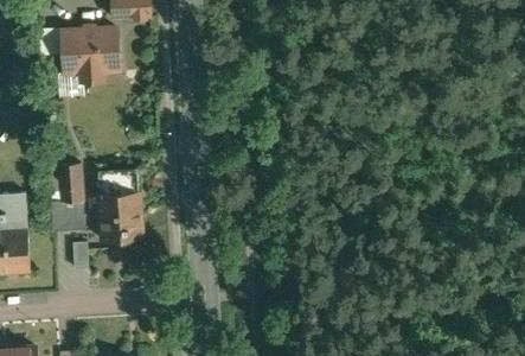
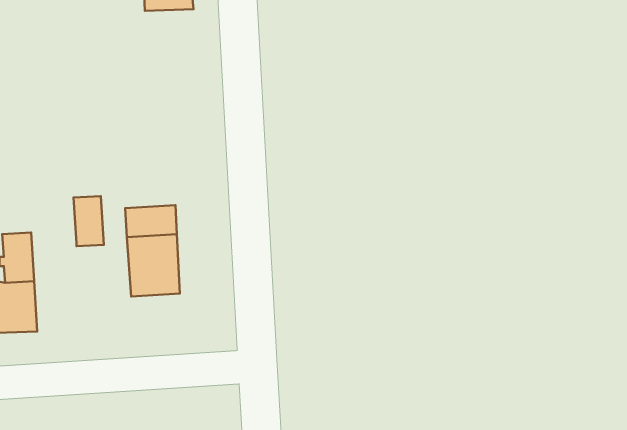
building: [63,28,120,81] -> none
building: [51,201,84,230] -> none

